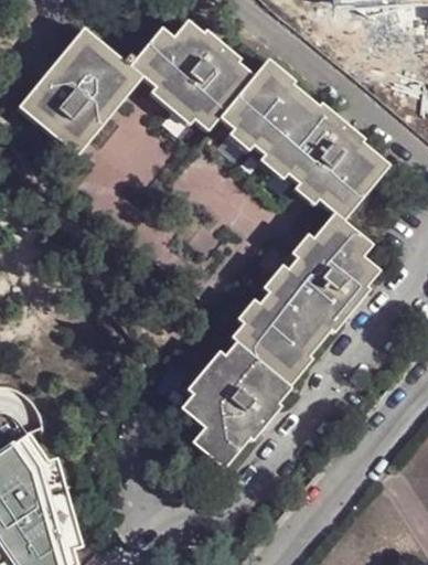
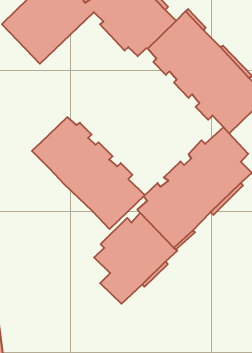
building: none -> [32,117,145,229]

